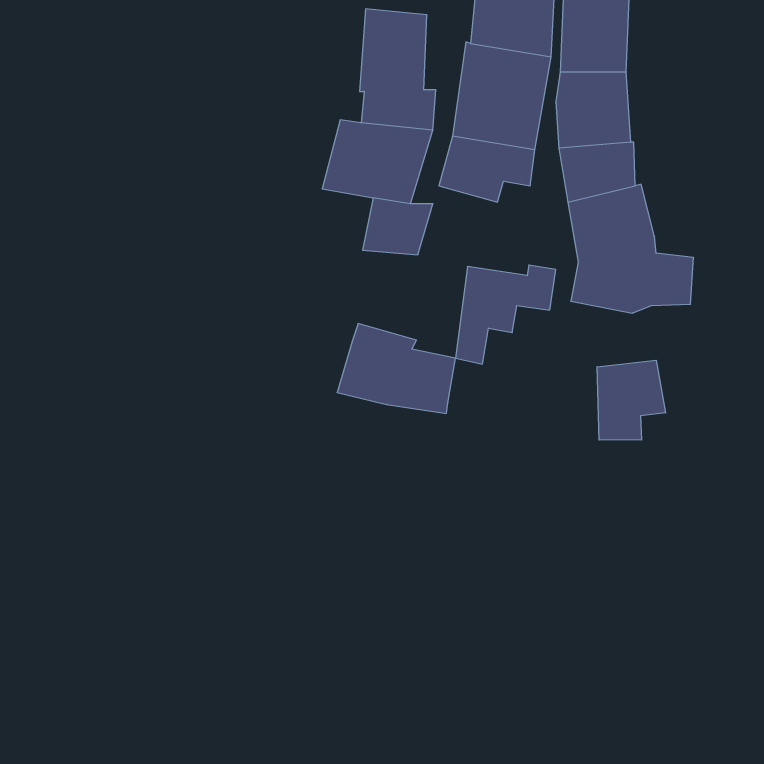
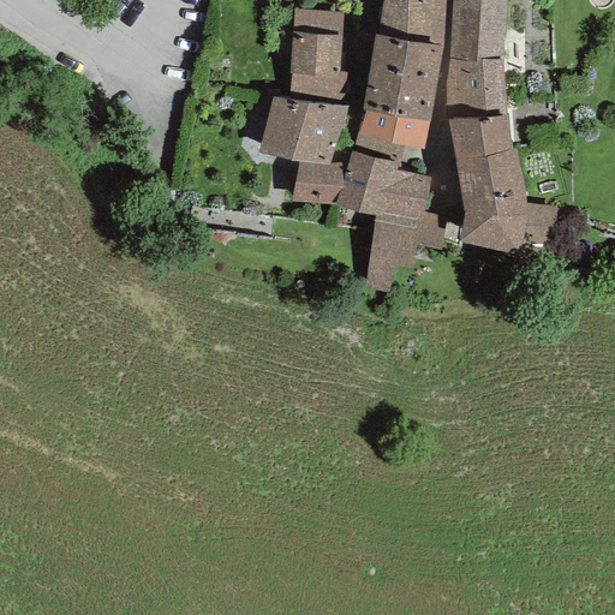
building: [337,324,455,413] -> [336,149,431,221]
building: [597,360,666,440] -> none

